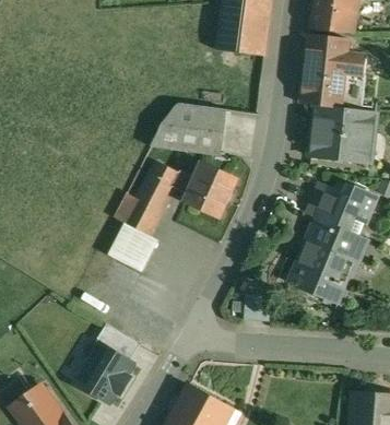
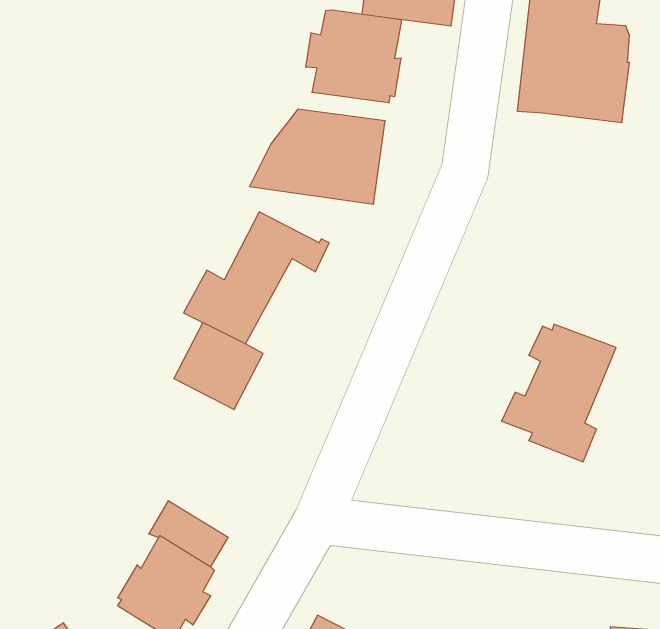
building: none -> [306,10,401,103]
building: [309,104,376,163] -> none
building: [185,161,237,217] -> none
building: [310,185,375,236] -> none

